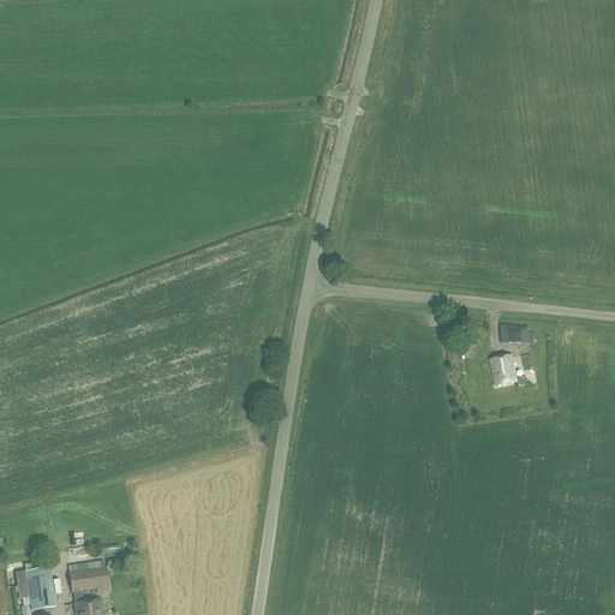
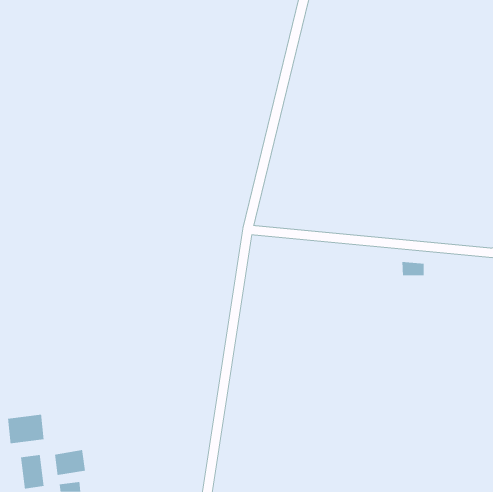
building: [490,356,517,387] -> none
building: none -> [8,414,44,444]

